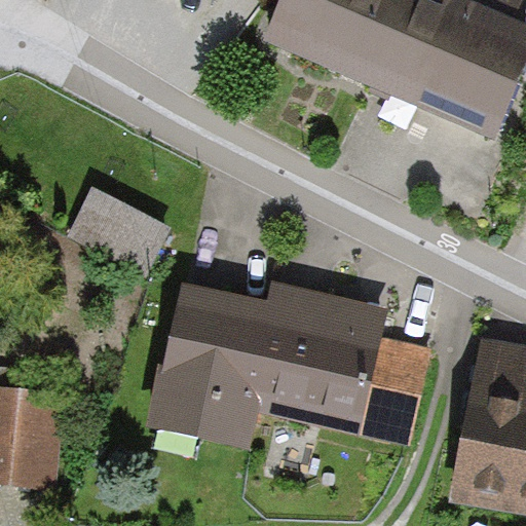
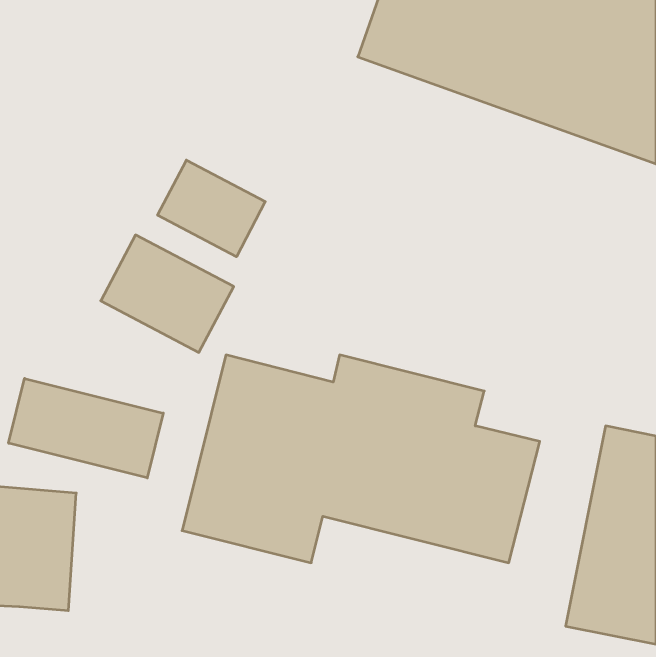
building: none -> [158,160,265,257]
building: none -> [9,378,163,478]

